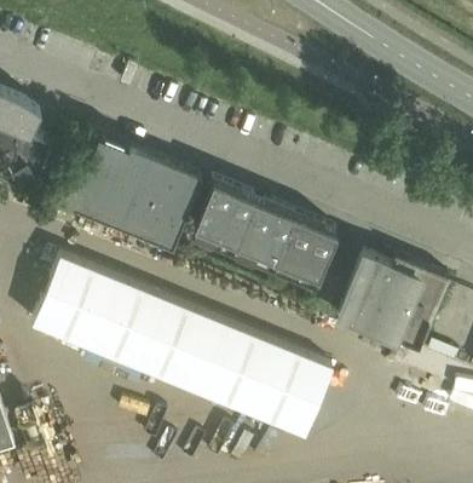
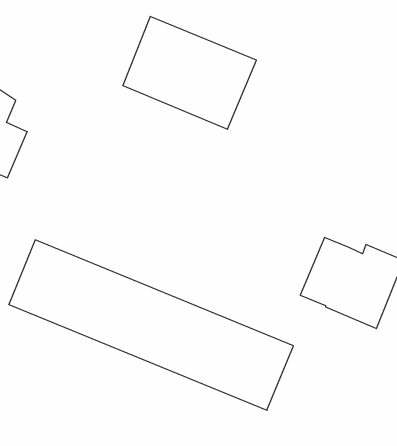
building: [62,133,202,252] -> [123,16,256,129]
building: [194,183,336,278] -> none

